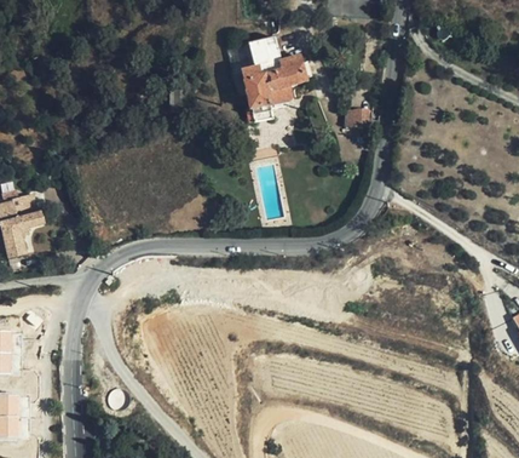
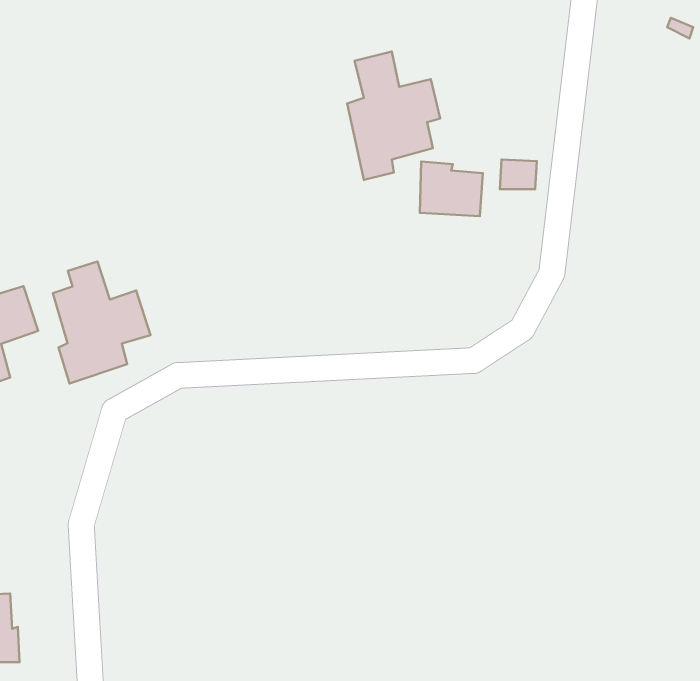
building: none -> [420,162,483,216]
building: none -> [53,262,150,383]

